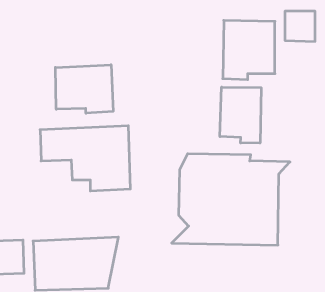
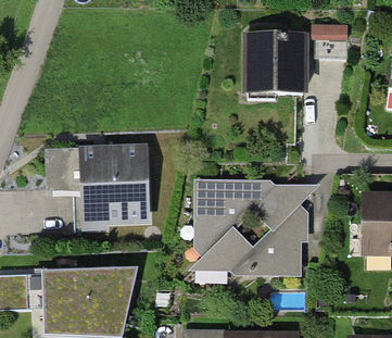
building: [55,65,113,113] -> none
building: [220,87,261,143] -> none

